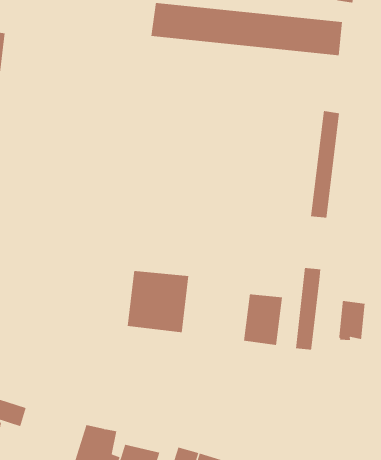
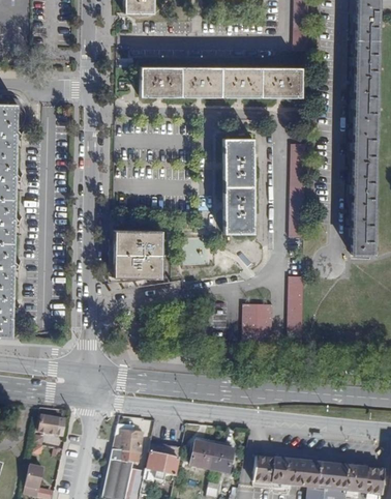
building: none -> [223,138,253,233]
building: [127,271,189,333] -> [114,230,162,278]
building: [338,300,365,341] -> none

